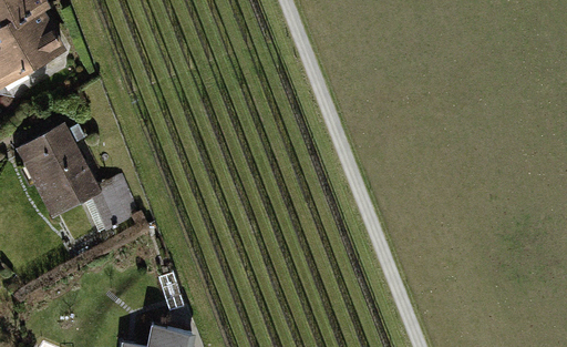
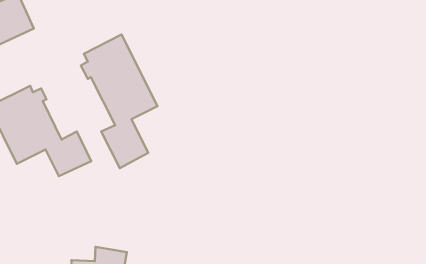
building: none -> [81,34,157,168]

